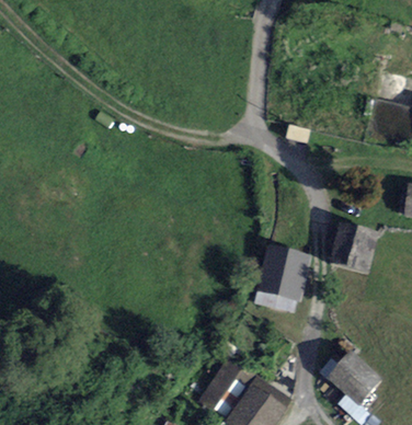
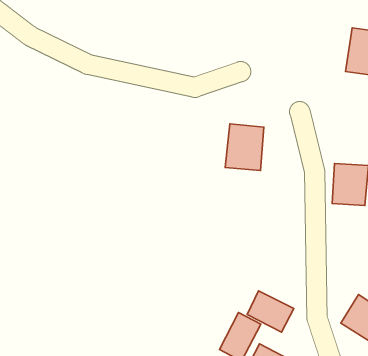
building: [262,246,302,294] -> [225,124,264,171]
building: none -> [247,291,294,332]

